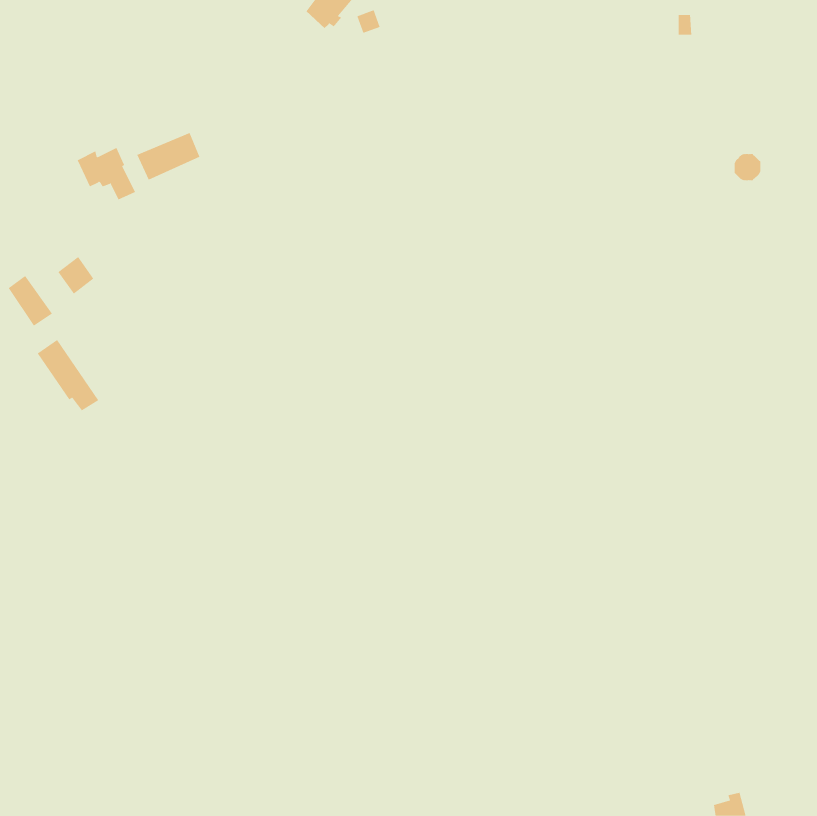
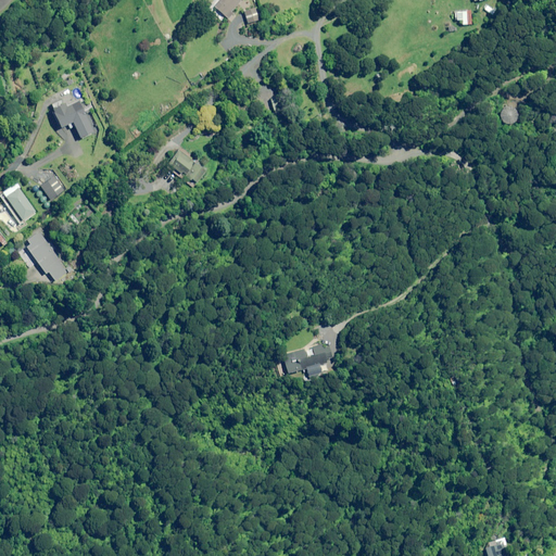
building: [137,132,200,181] -> none
building: none -> [167,149,205,182]
building: none -> [276,343,331,376]

